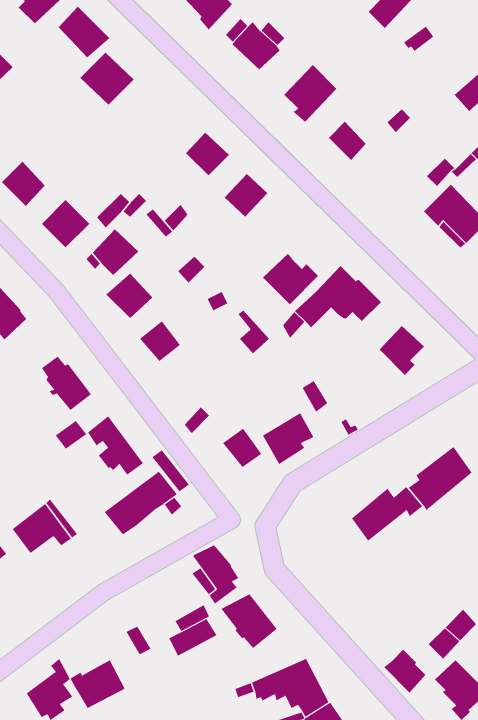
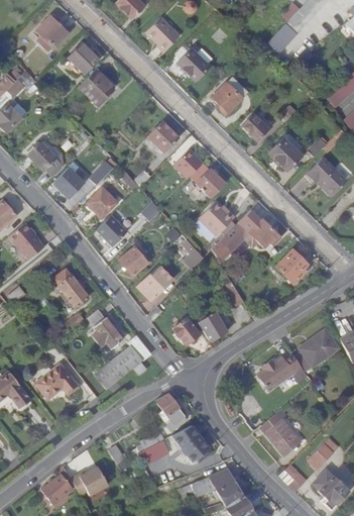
building: none -> [271,138,303,170]
building: none -> [196,168,224,196]
building: none -> [138,266,173,299]
building: none -> [260,412,303,456]

